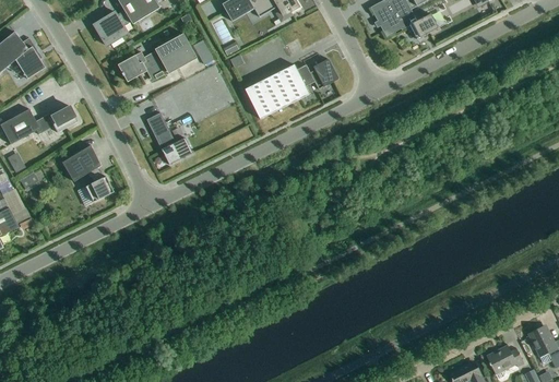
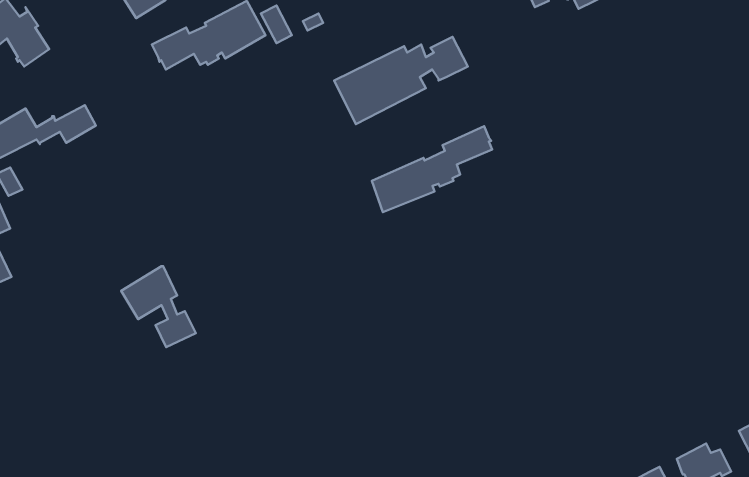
building: [146,111,192,164] -> none
building: none -> [372,126,492,212]
building: [61,144,114,201] -> [121,266,196,347]

